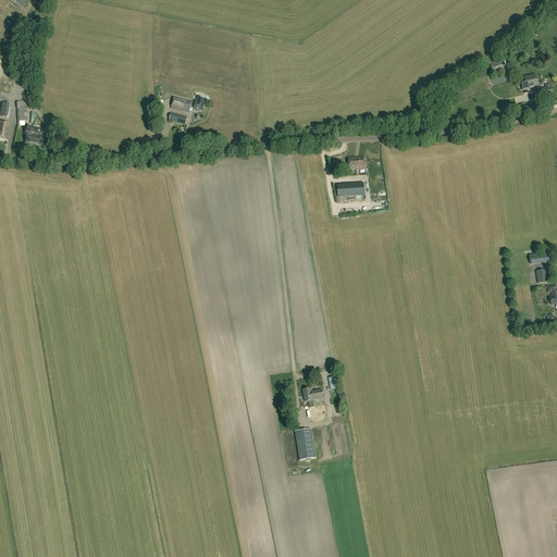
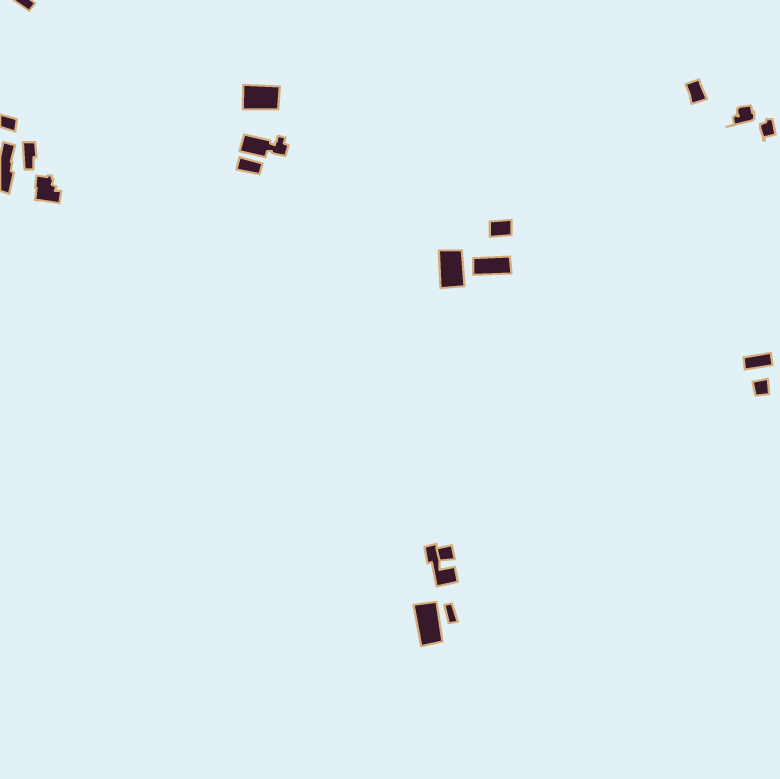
building: none -> [243,85,280,109]
building: none -> [439,250,464,288]

